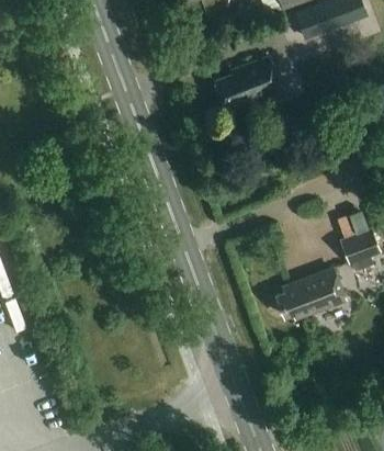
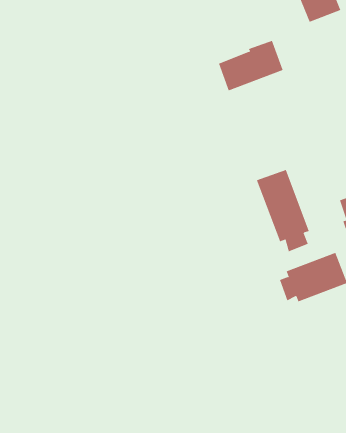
building: none -> [256,169,310,252]

